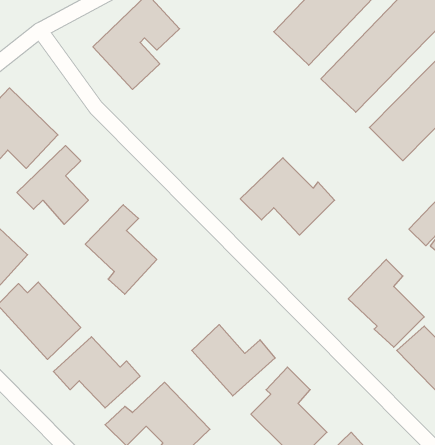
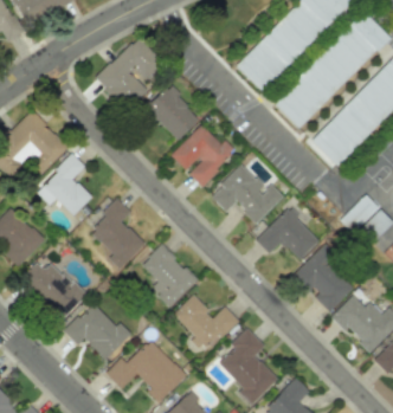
building: none -> [146,85,201,140]
building: none -> [172,122,234,186]
building: none -> [257,207,321,259]
building: none -> [141,244,198,308]

